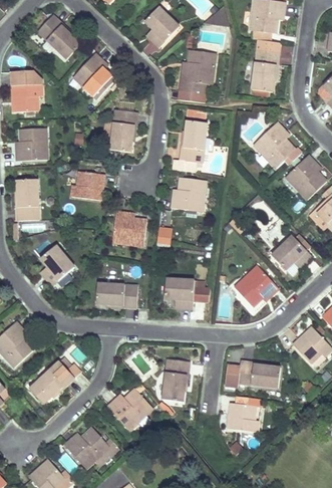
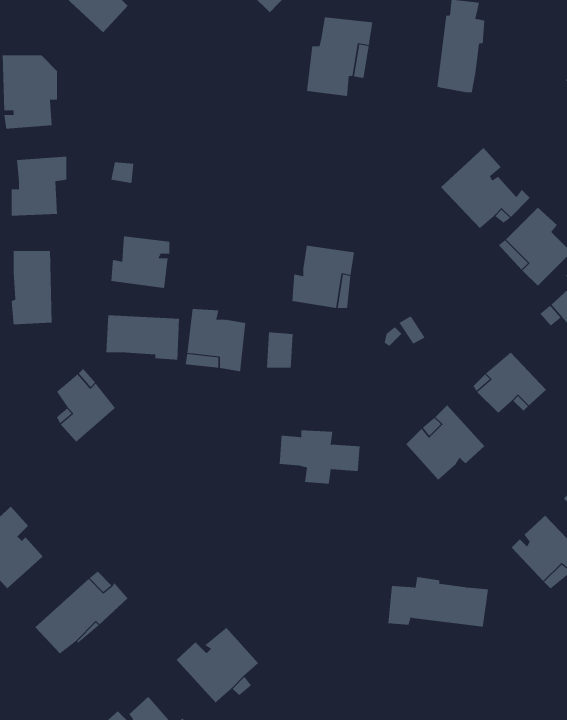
building: [72,53,114,99] -> none
building: [109,109,137,153] -> none
building: [179,120,207,164] -> none
building: [95,283,136,308] -> [106,315,180,360]
building: [161,359,189,402] -> none
building: [227,403,258,433] -> none

